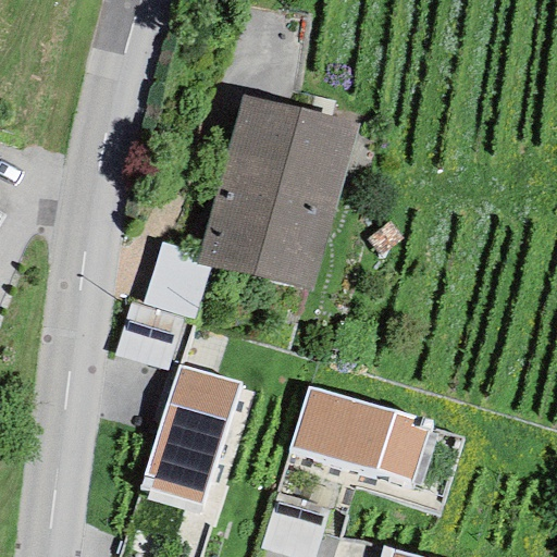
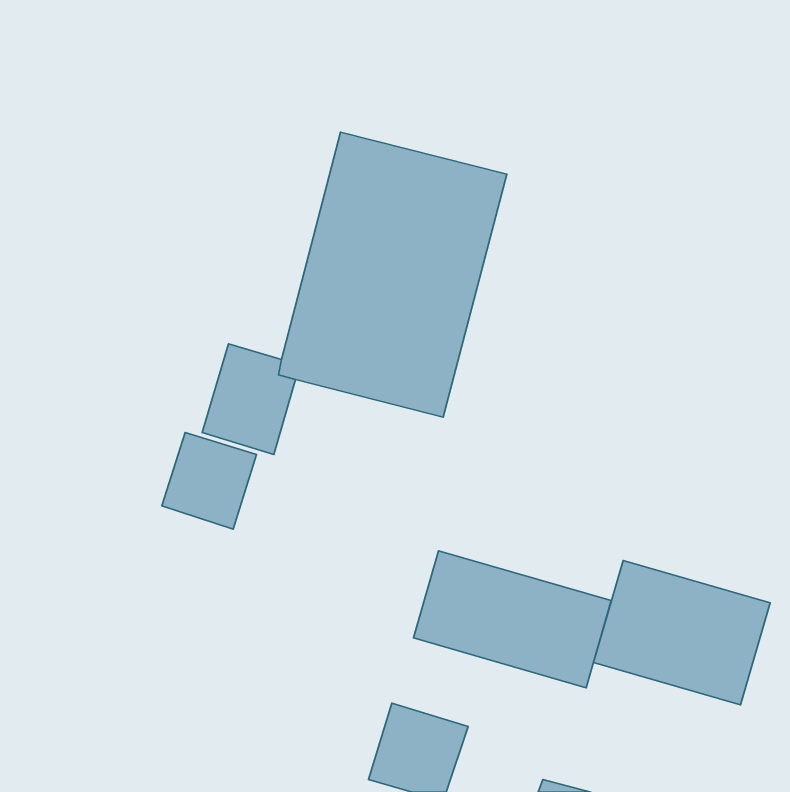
building: [145,362,242,504] -> none
building: none -> [593,560,770,705]

